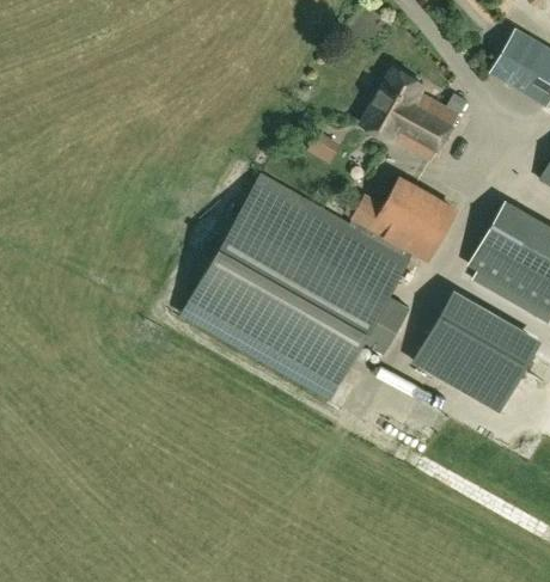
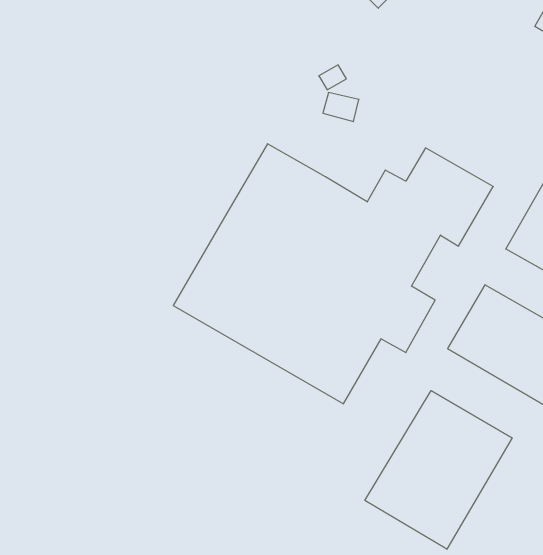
building: [360,67,458,160] -> none
building: none -> [365,391,512,549]

